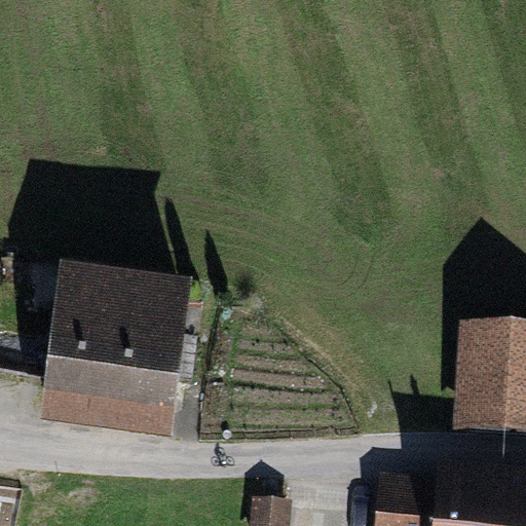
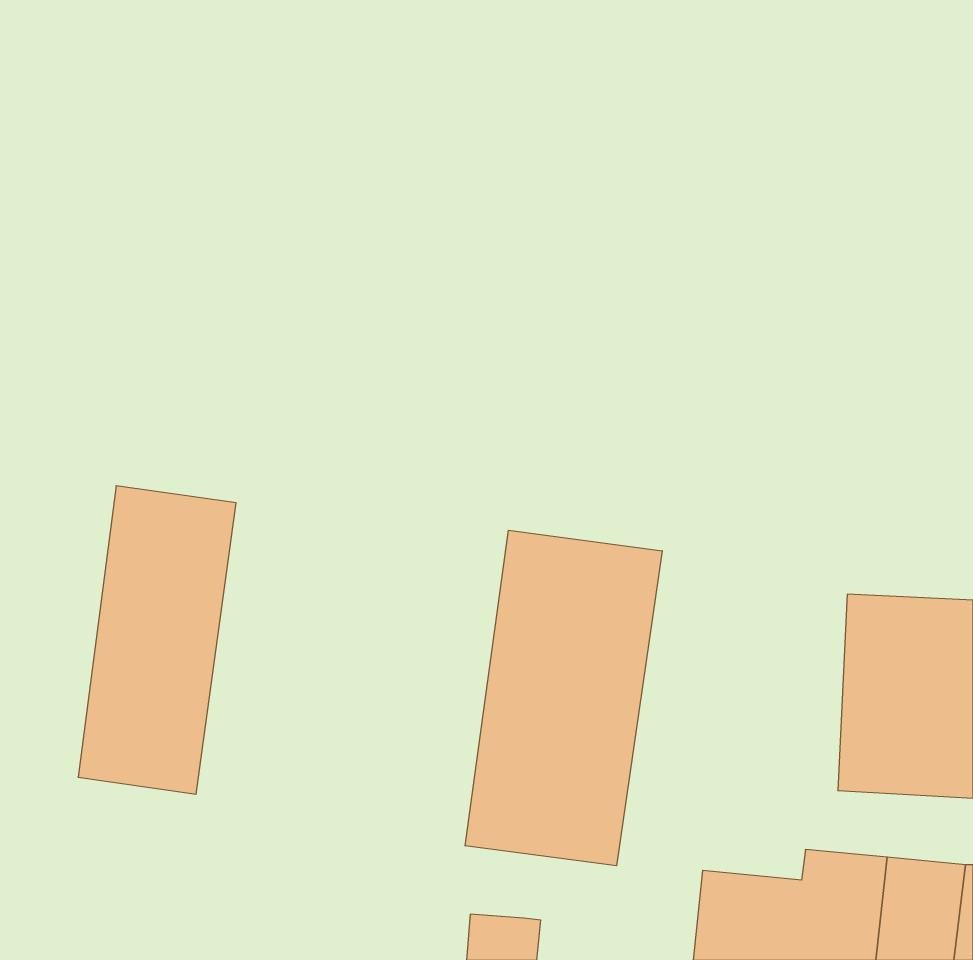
building: [106,271,195,438] -> none
building: none -> [465,530,662,866]

